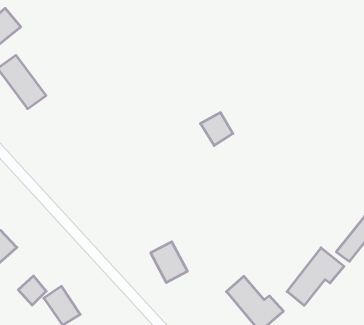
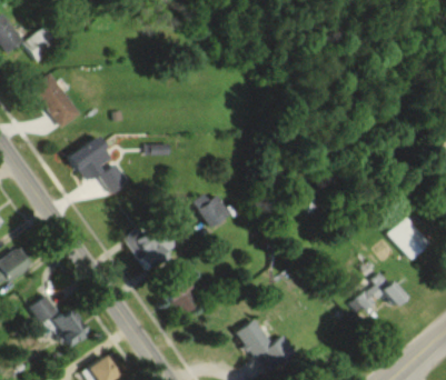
building: none -> [68,136,130,196]
building: [200,113,233,146] -> [198,197,229,229]
building: none -> [125,223,169,273]
building: [287,248,344,305] -> none

